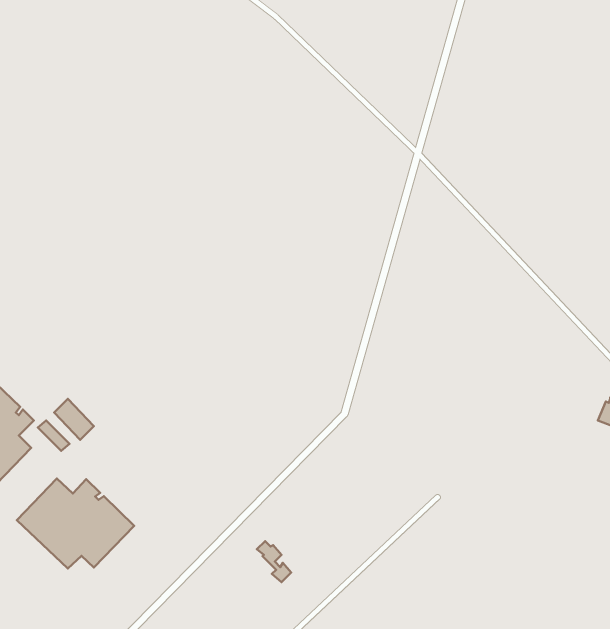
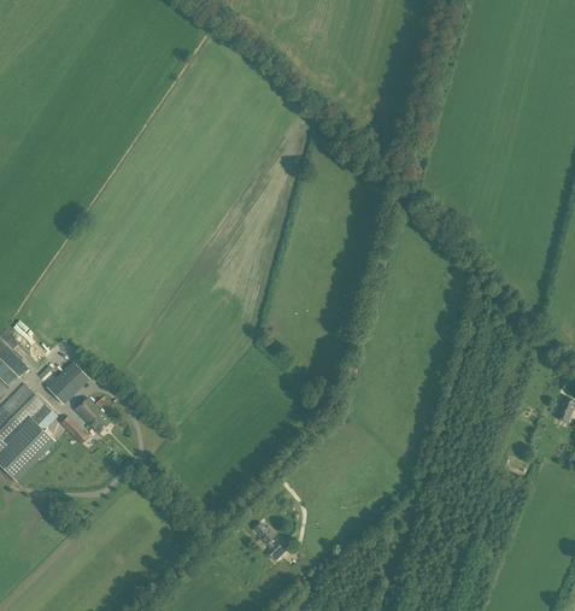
building: none -> [46,360,89,404]
building: [17,479,134,569] -> none

